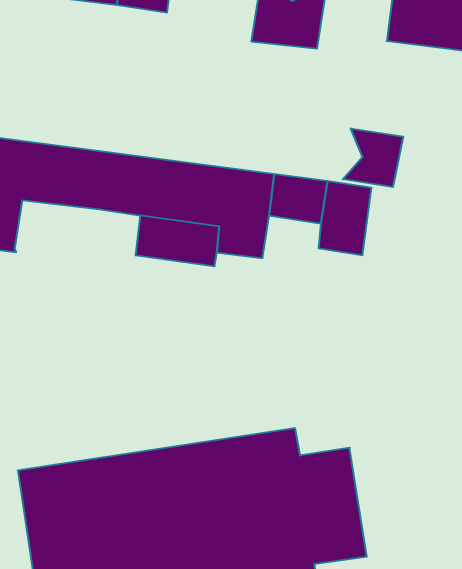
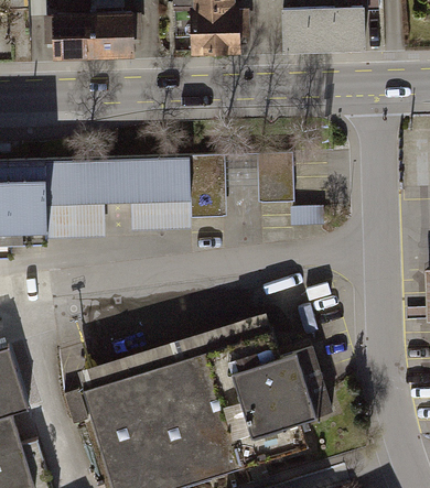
building: [343,128,403,187] -> none
building: none -> [47,198,104,236]

